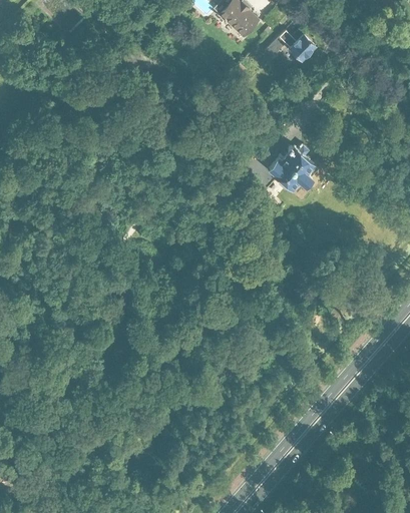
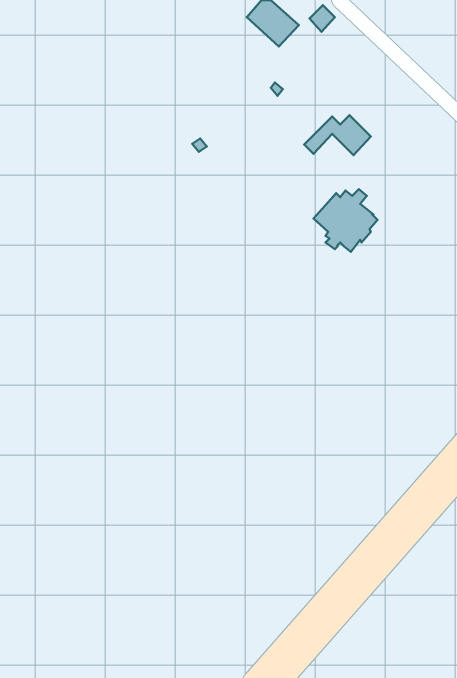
building: [264,29,314,59] -> [304,115,371,155]

